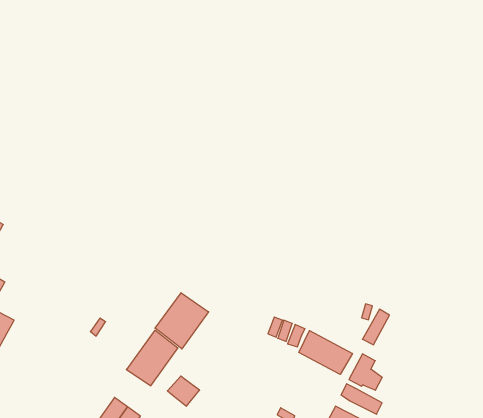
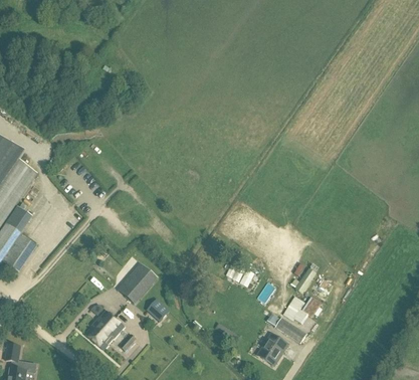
building: [155,293,209,349] -> none
building: [299,331,352,374] -> none

